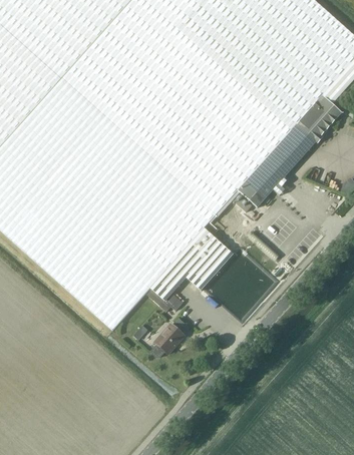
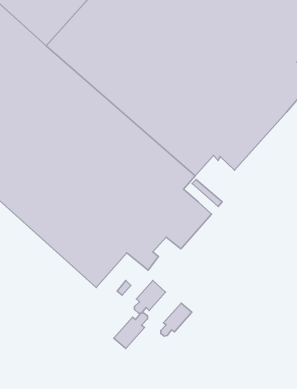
building: none -> [161,303,192,336]
building: none -> [114,313,147,348]

